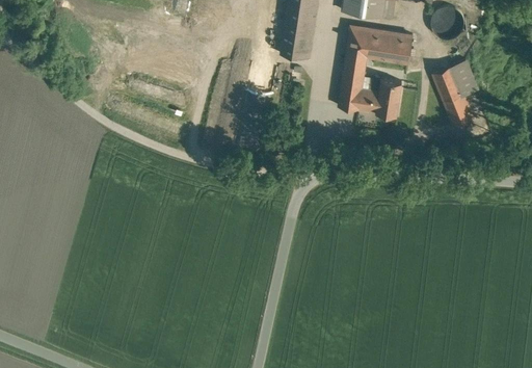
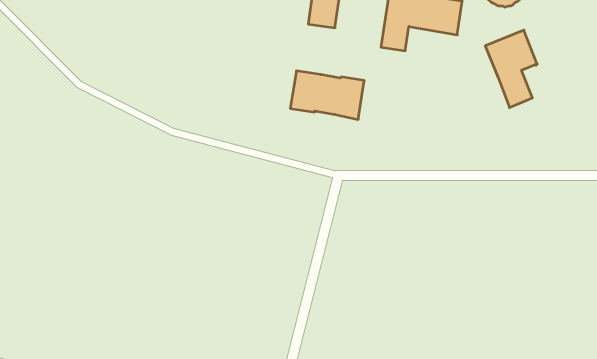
building: [340,75,403,116] -> [290,71,364,119]

